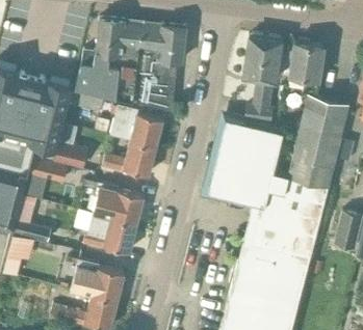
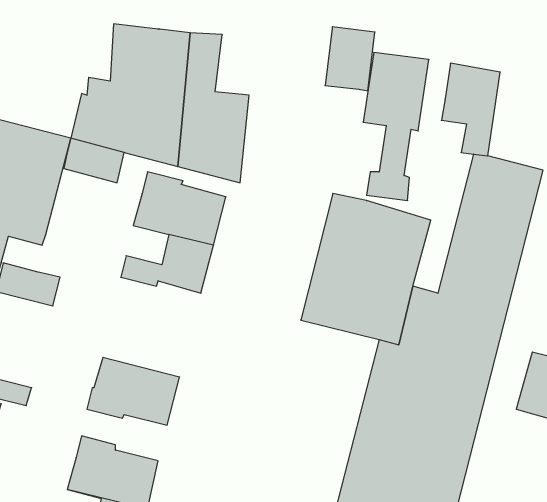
building: [157,25,186,62] -> [325,27,375,91]
building: [53,142,89,171] -> none
building: [92,183,144,225] -> none

